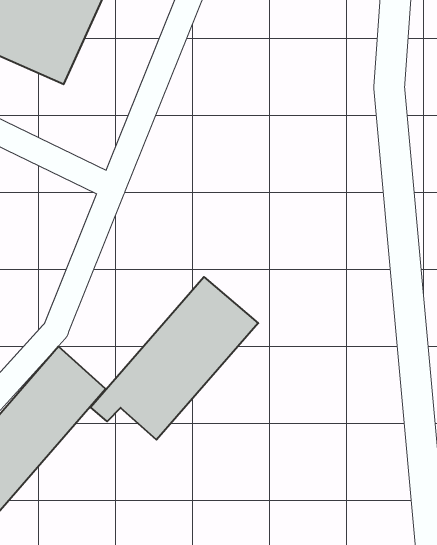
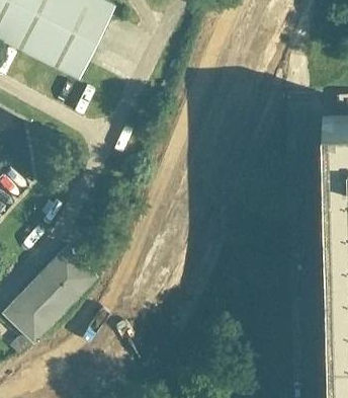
building: [90,277,258,440] -> none

